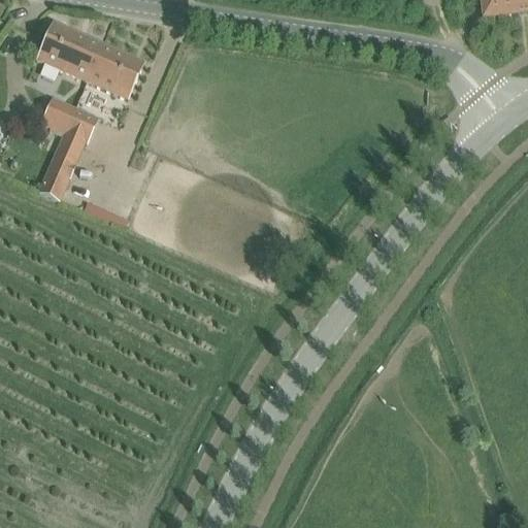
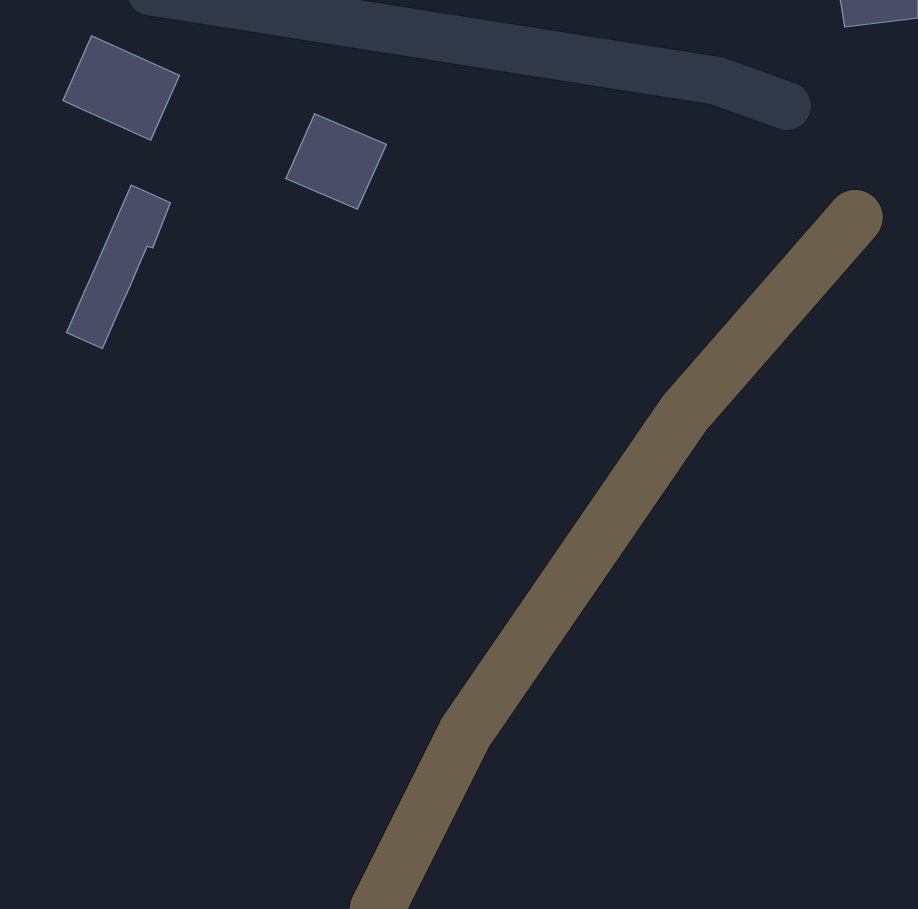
building: [87,43,144,98] -> [286,114,386,209]
building: [41,97,75,132] -> none

